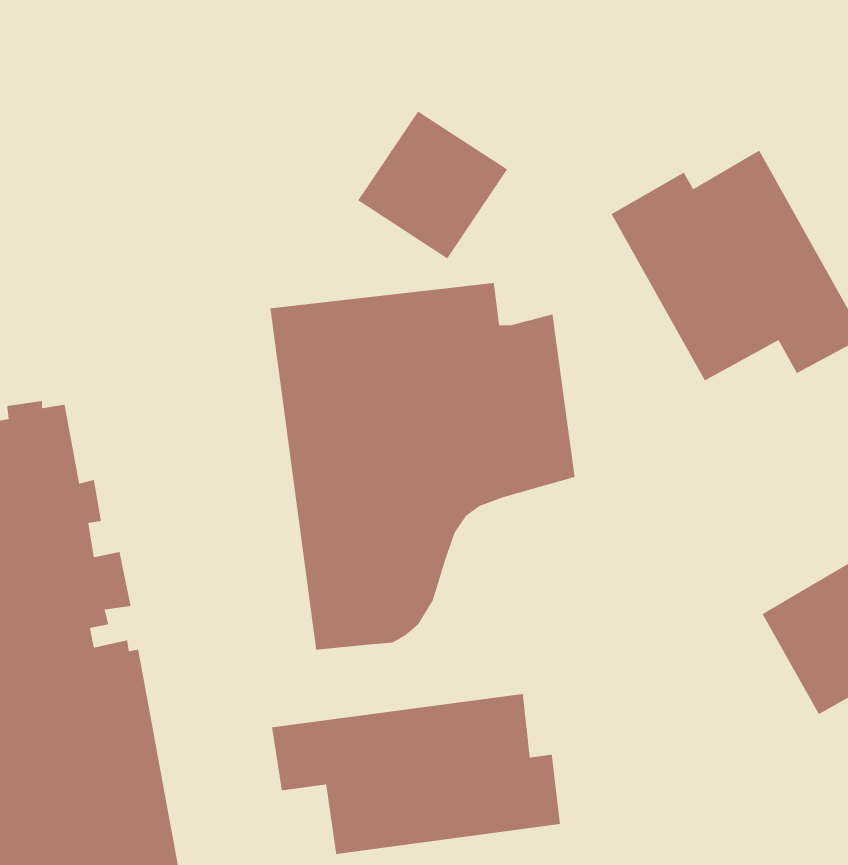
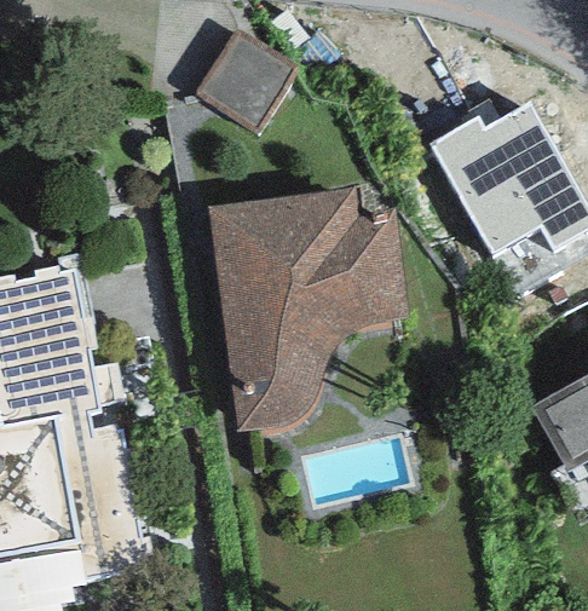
building: [357,110,508,260] -> [197,33,296,131]
building: [271,693,561,855] -> none

